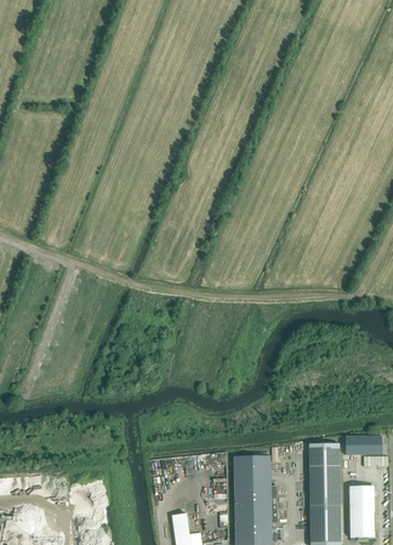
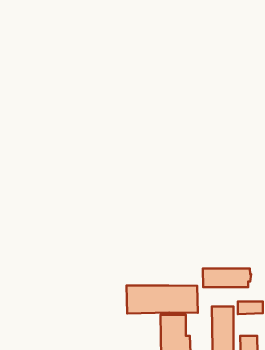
building: none -> [203,269,251,287]
building: none -> [126,285,198,314]

